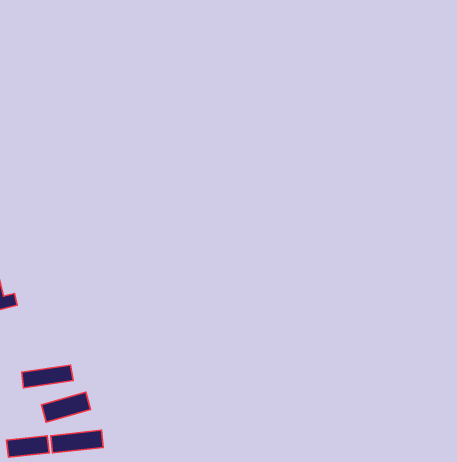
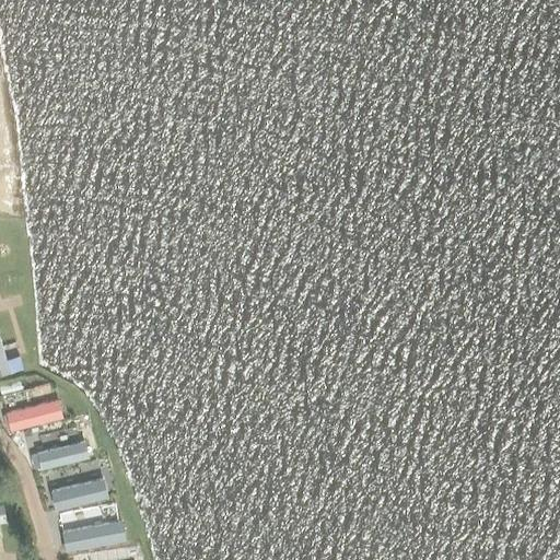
building: none -> [5,400,63,428]
building: [6,436,49,457] -> none

